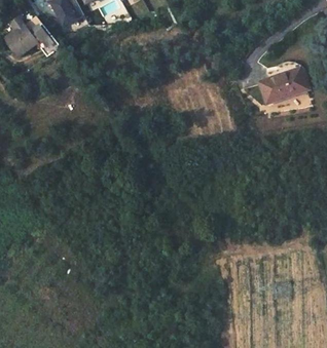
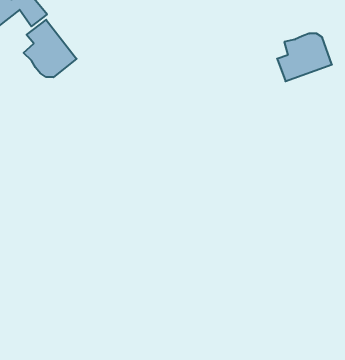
building: none -> [24,20,77,77]

